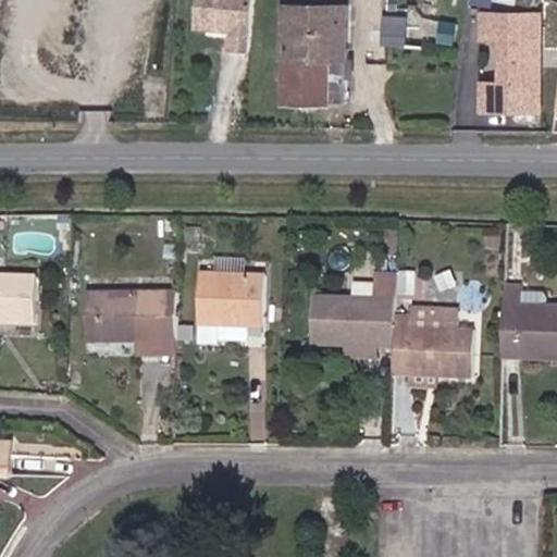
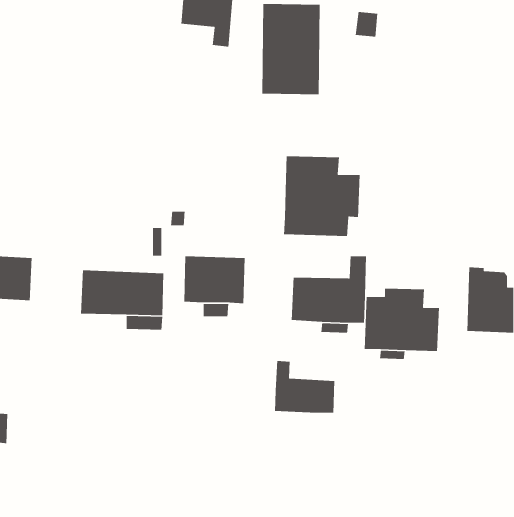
building: [479,13,536,110] -> none
building: none -> [283,156,361,237]
building: none -> [274,360,335,413]

